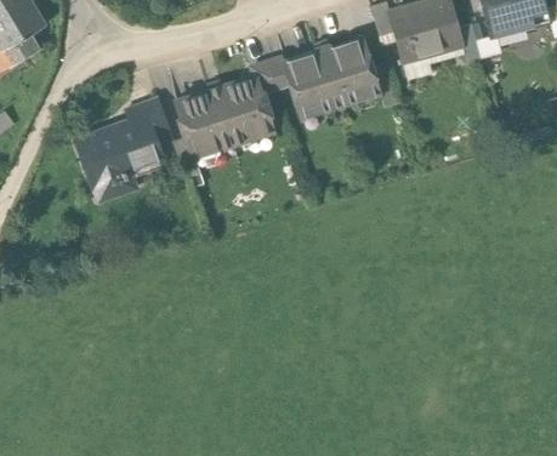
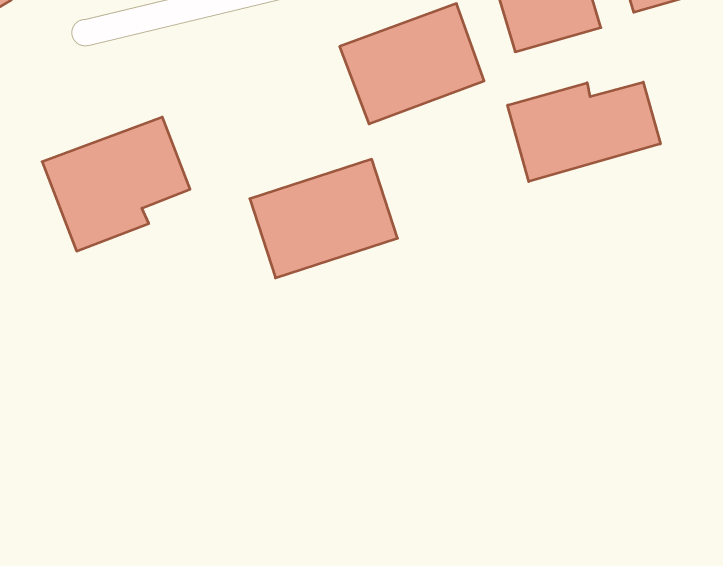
building: [175,74,279,158] -> [250,159,398,278]
building: none -> [508,82,660,182]

